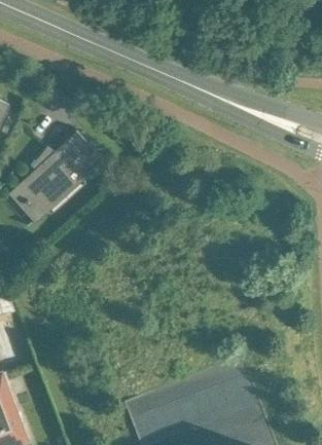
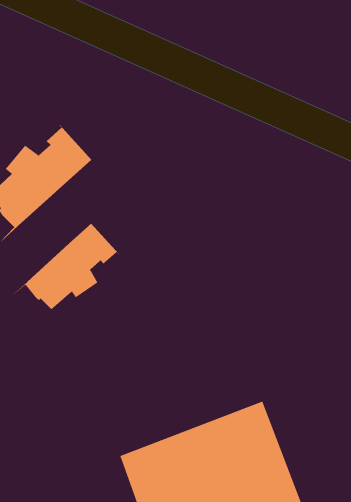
building: none -> [11,223,120,310]

